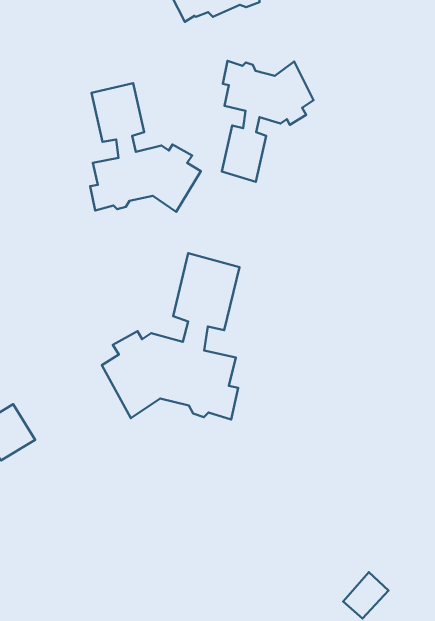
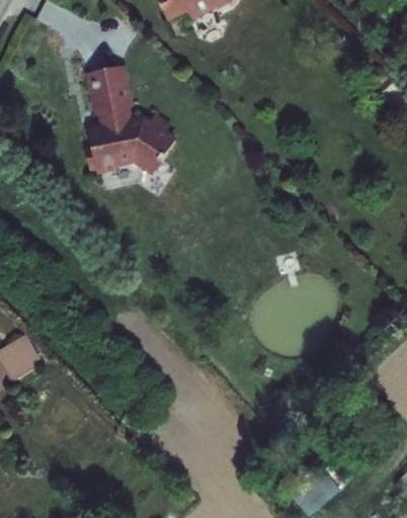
building: [222,61,314,182] -> none
building: [102,253,240,419] -> none

